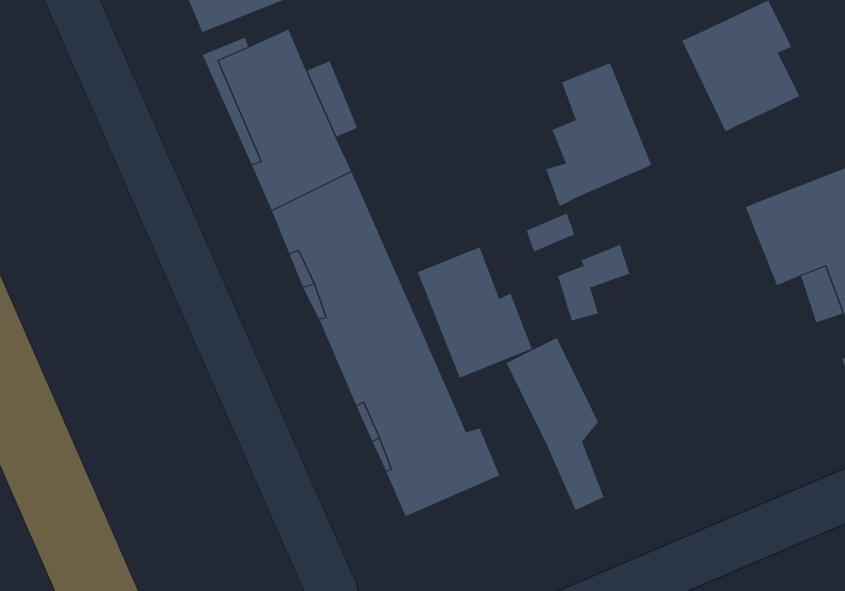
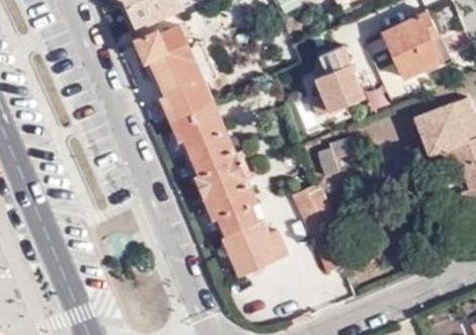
building: [417,247,532,378] -> none

